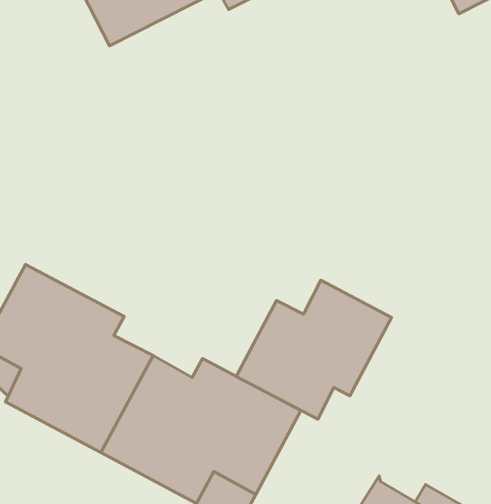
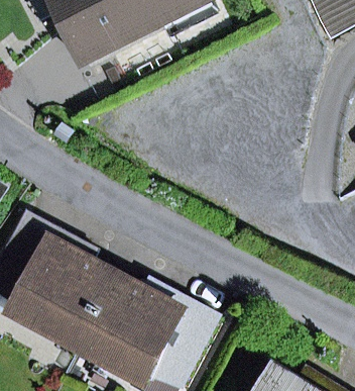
building: [236,280,391,419] -> none

